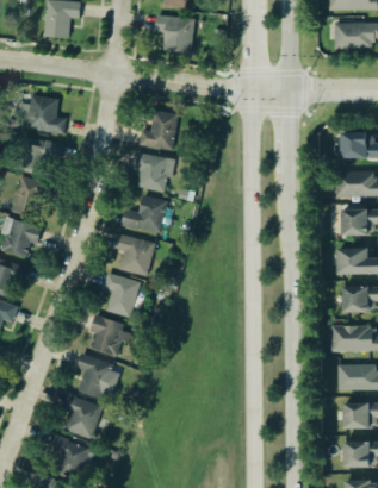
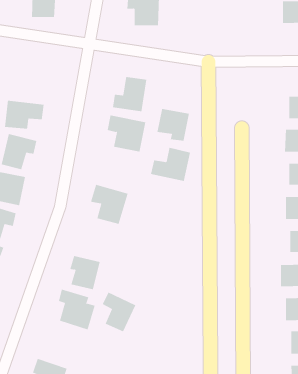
building: [17,96,67,134] -> none
building: none -> [157,108,190,142]
building: [122,195,168,234] -> [150,147,191,181]
building: [100,271,142,323] -> none
building: [67,395,106,442] -> [102,292,136,332]

